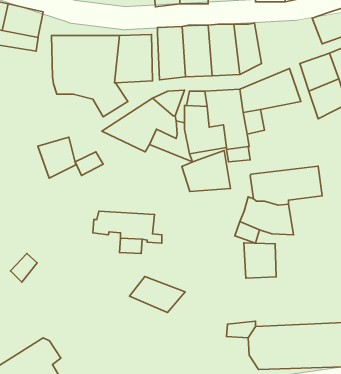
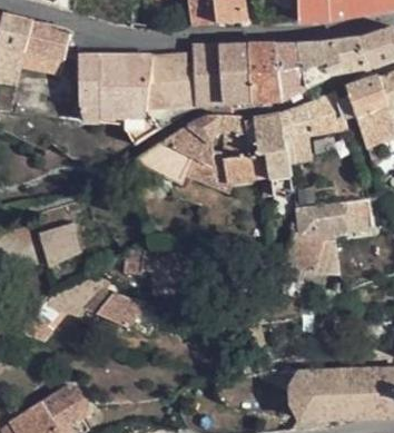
building: none -> [298,38,372,87]
building: [38,137,76,178] -> [39,222,80,266]
building: [182,150,231,191] -> none
building: [244,243,276,278] -> none
building: [130,277,185,313] -> [86,287,146,326]

